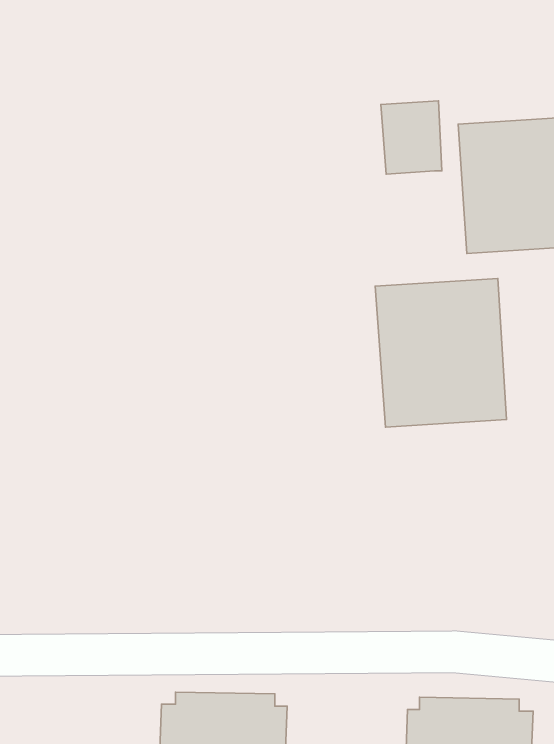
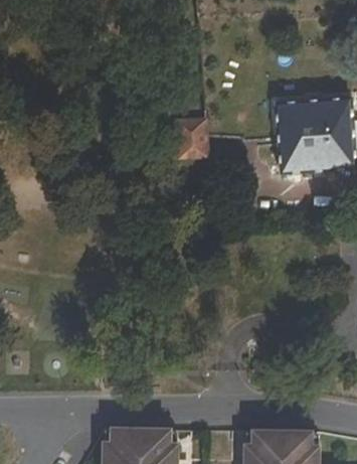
building: [381,101,442,174] -> [174,117,209,159]
building: [375,278,507,427] -> none

